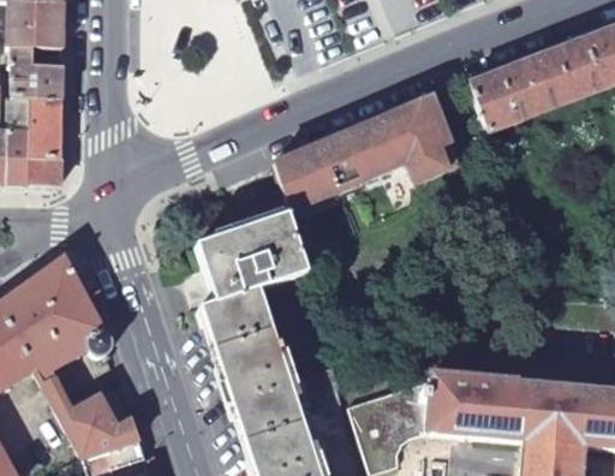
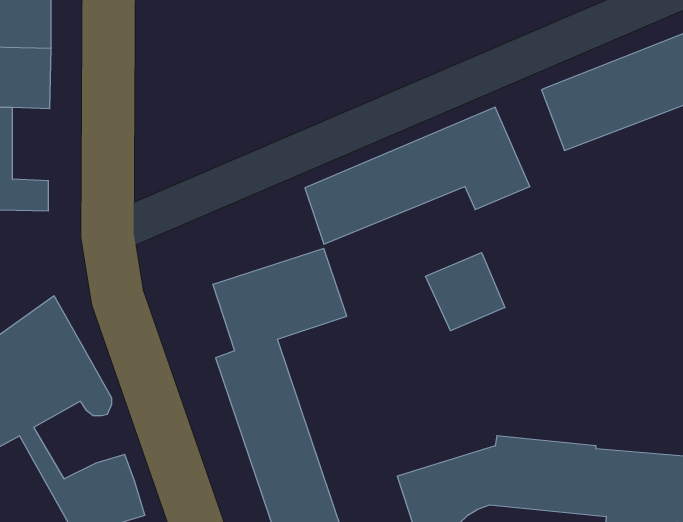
building: [31,95,62,156] -> none
building: none -> [426,253,505,331]

